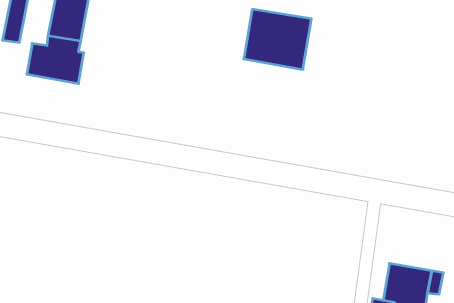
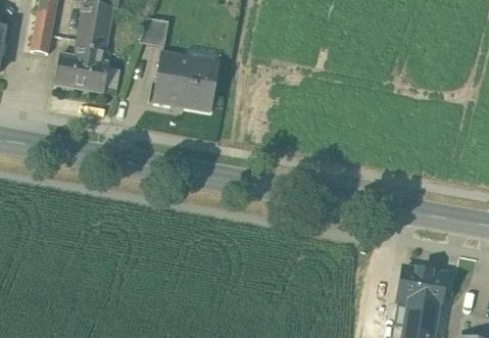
building: none -> [139,17,168,46]
building: [244,9,311,69] -> [153,52,218,110]

